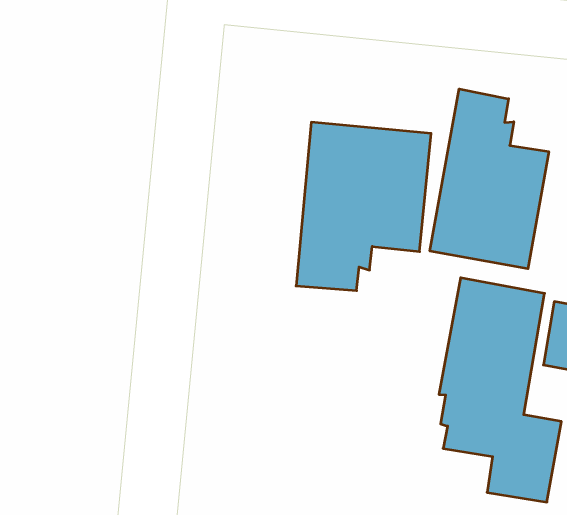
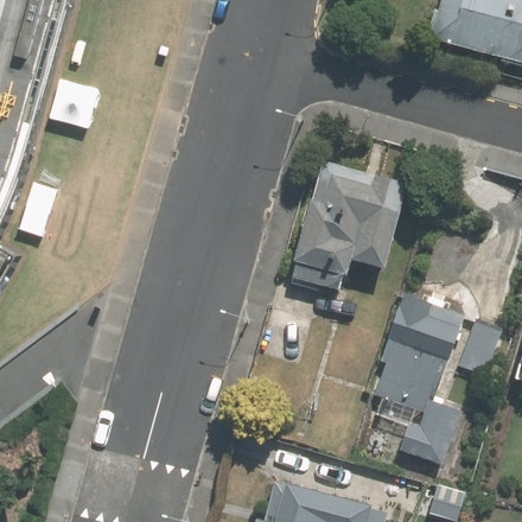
building: [430,89,549,269] -> none

